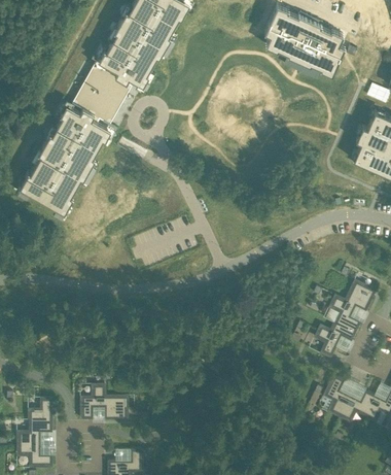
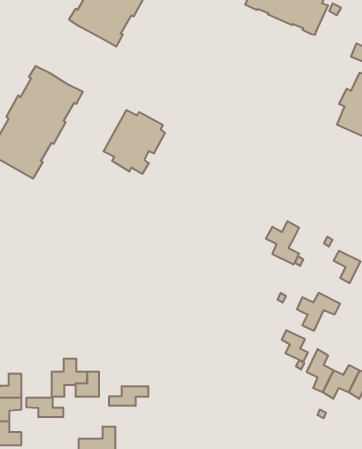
building: [71,63,130,124] -> [103,110,165,174]
building: [328,290,360,331] -> [266,221,299,264]
building: none -> [282,330,308,362]
building: none -> [109,386,148,406]
building: none -> [27,398,63,417]

